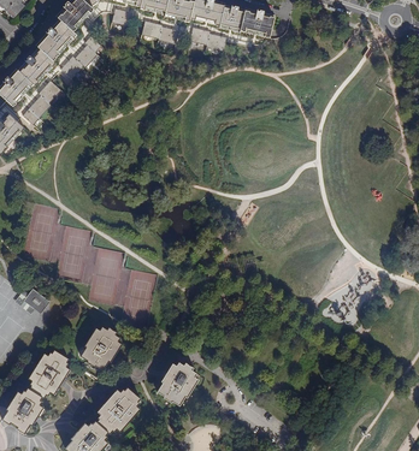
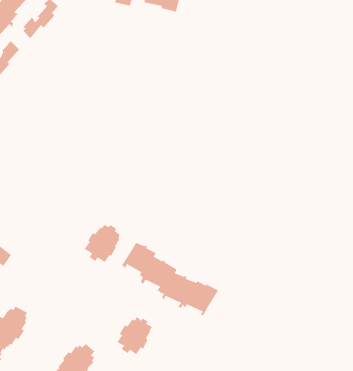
building: none -> [121,242,219,316]
building: [82,327,119,367] -> [84,224,120,263]

